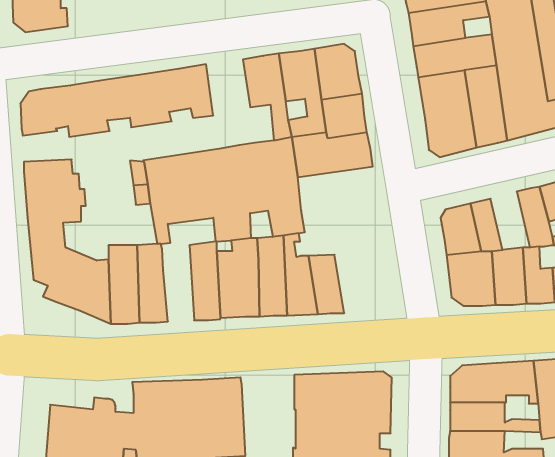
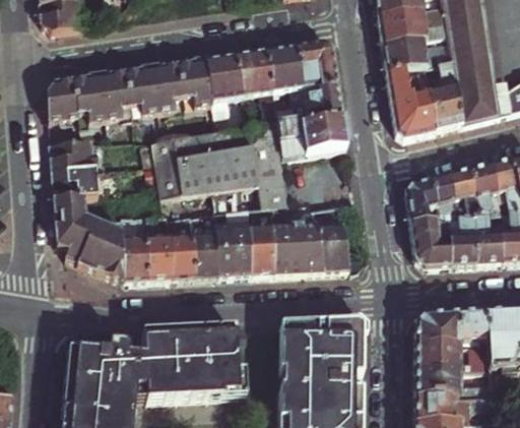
building: none -> [206,54,244,115]
building: none -> [449,167,482,217]
building: none -> [314,203,349,270]
building: none -> [170,212,196,278]

